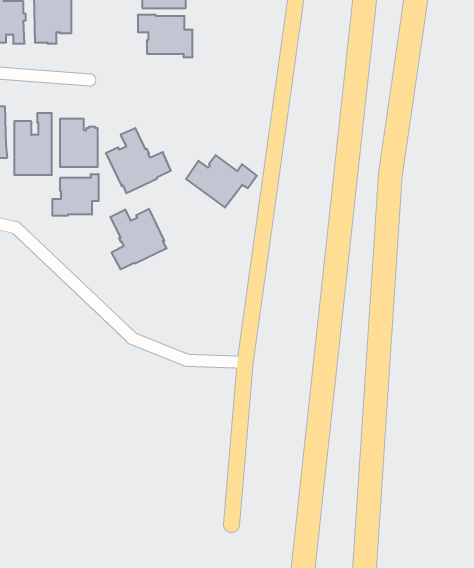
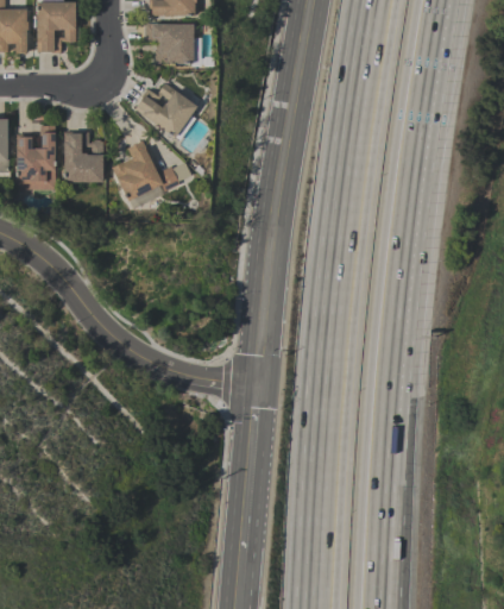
building: [186,155,257,208] -> [134,82,208,137]
building: [52,174,99,216] -> none
building: [110,209,167,269] -> none

